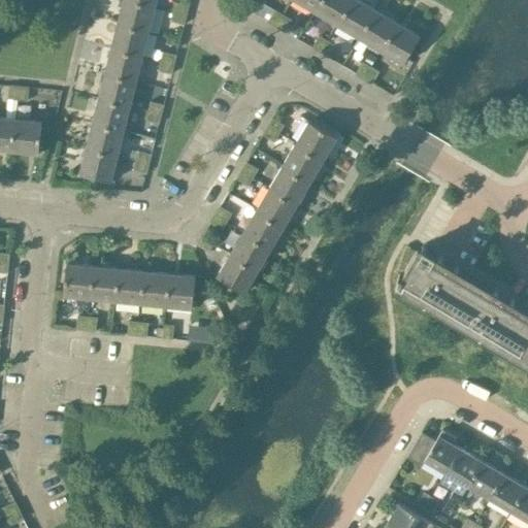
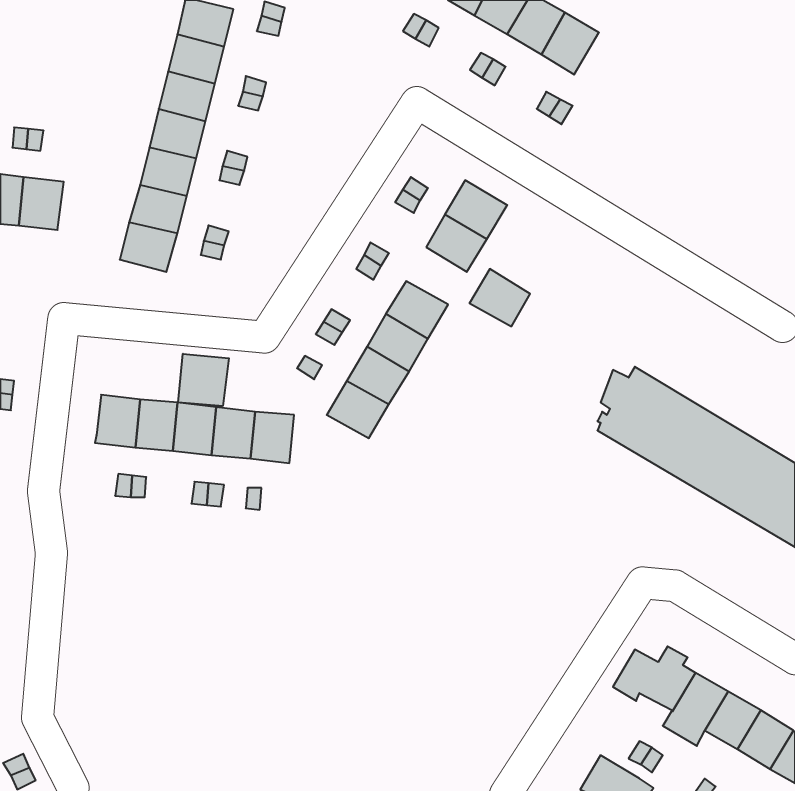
building: [381,24,420,65] -> none
building: [269,166,309,204] -> [469,269,530,326]
building: none -> [178,354,229,406]

